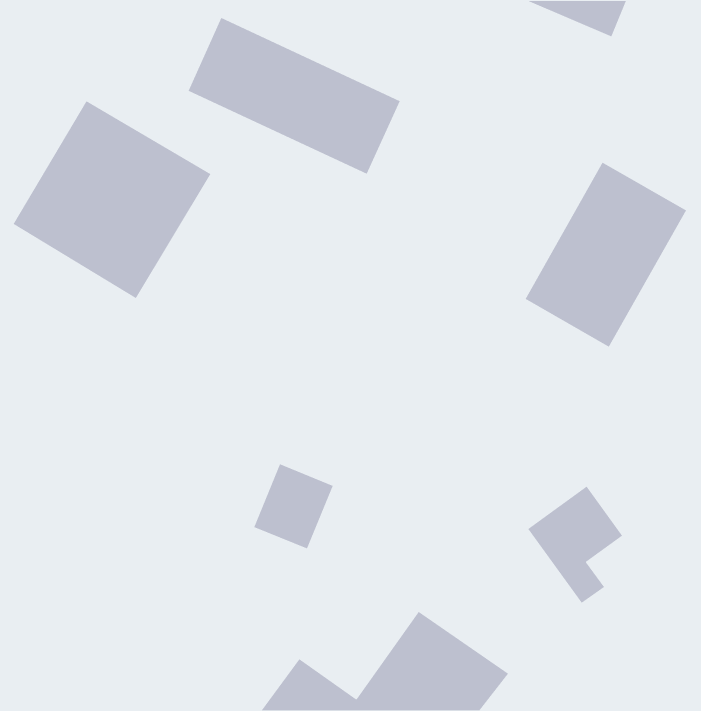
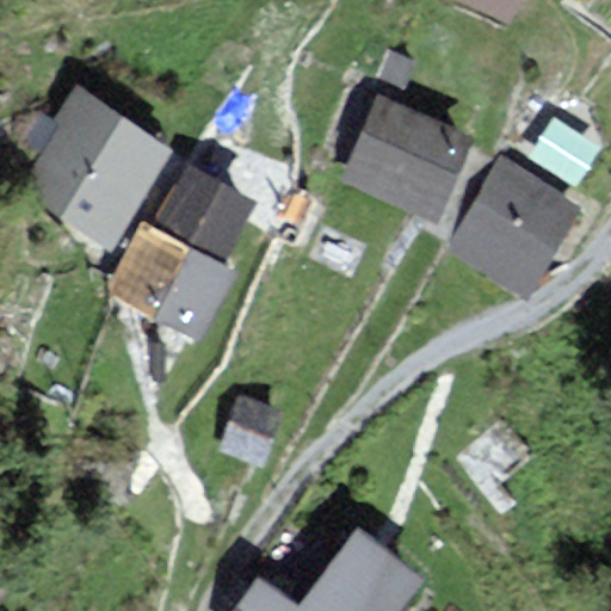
building: [187,17,401,175] -> none
building: none -> [341,95,470,223]
building: none -> [116,158,245,331]

